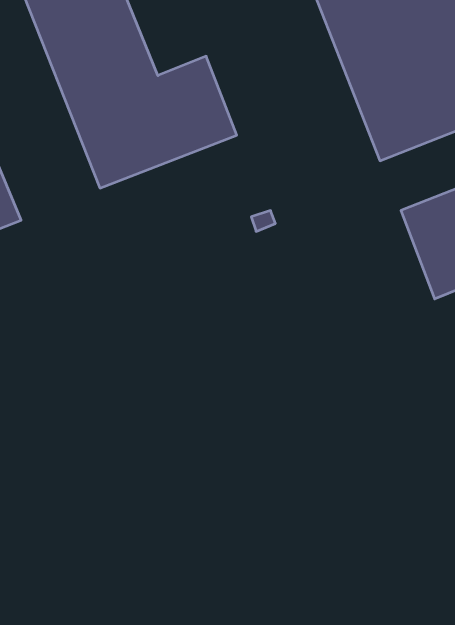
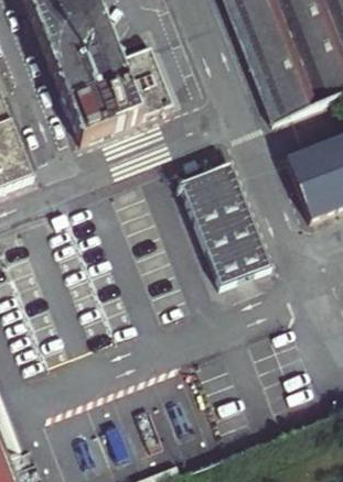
building: none -> [181,164,278,305]

